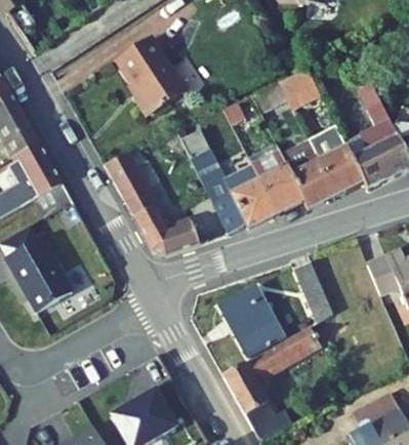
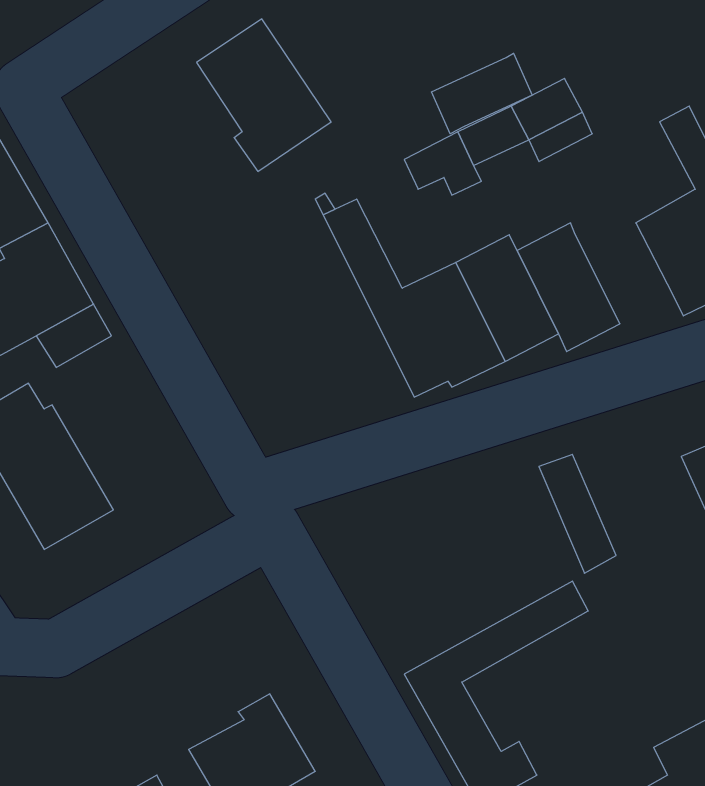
building: none -> [432,53,532,134]
building: [312,132,363,194] -> none
building: [104,153,200,254] -> none
building: [219,286,284,357] -> none

